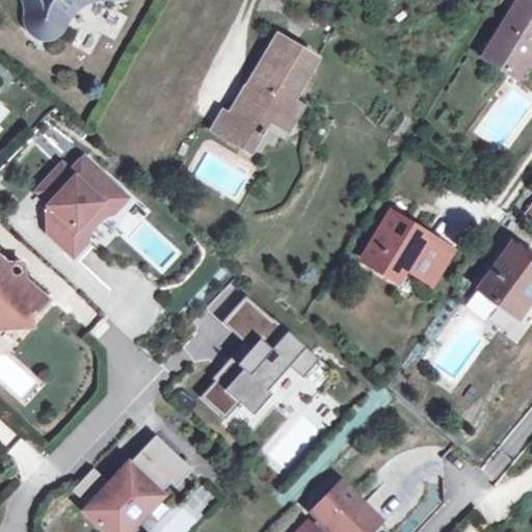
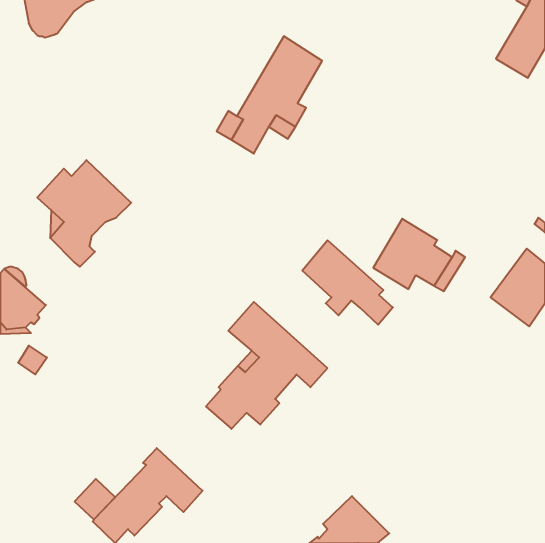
building: none -> [302,240,393,325]

